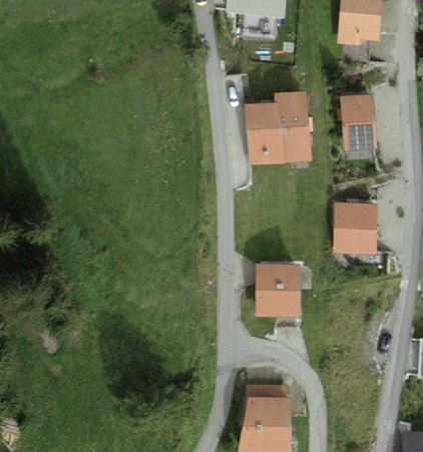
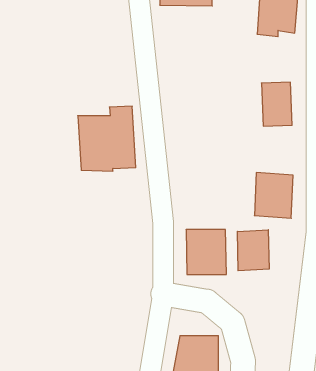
building: [246,93,312,167] -> [78,106,136,171]
building: none -> [237,230,269,271]

